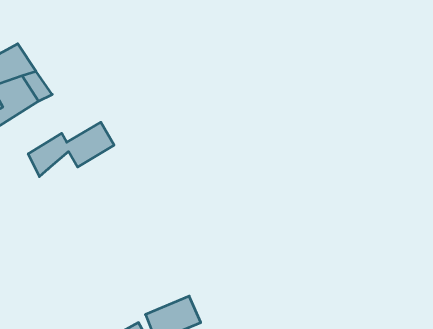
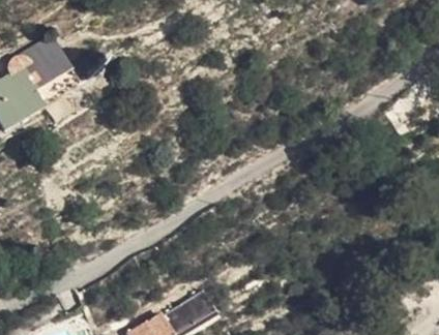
building: [28,122,114,177] -> none

